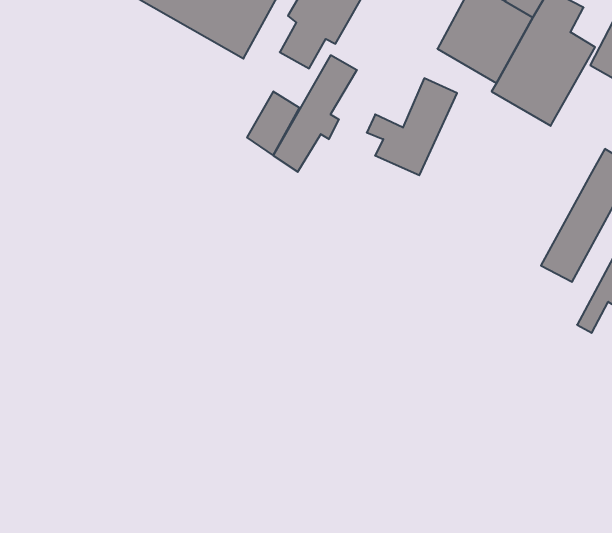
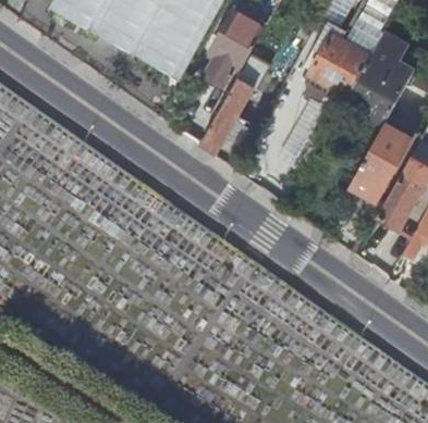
building: none -> [357,117,407,182]

